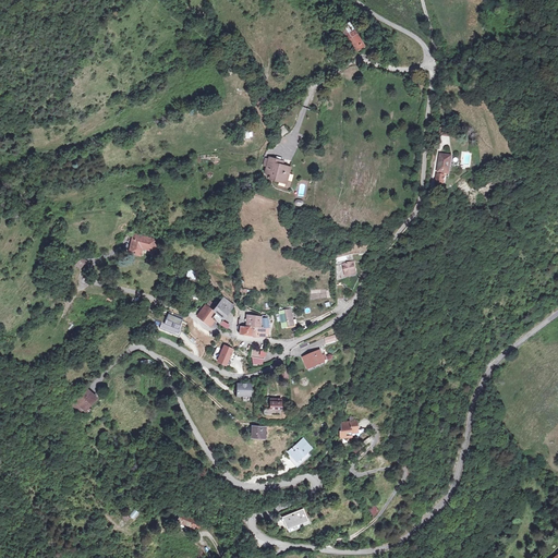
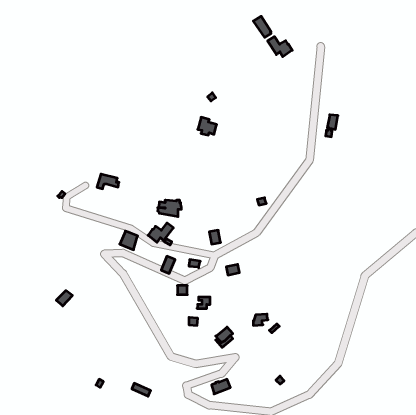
building: none -> [268,37,292,57]
building: [238,315,269,337] -> [158,200,181,217]

